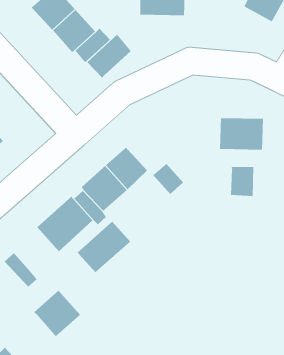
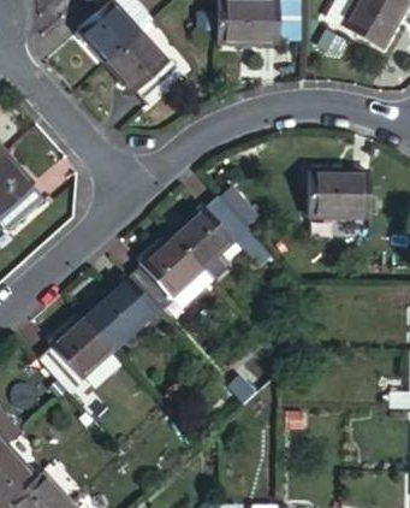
building: [86,34,132,79] -> none
building: none -> [203,199,252,249]
building: [231,166,254,197] -> none
building: [76,221,131,273] -> none
building: [33,290,81,337] -> [52,317,113,378]

